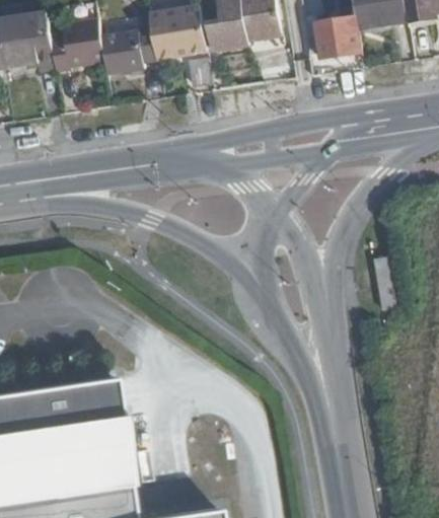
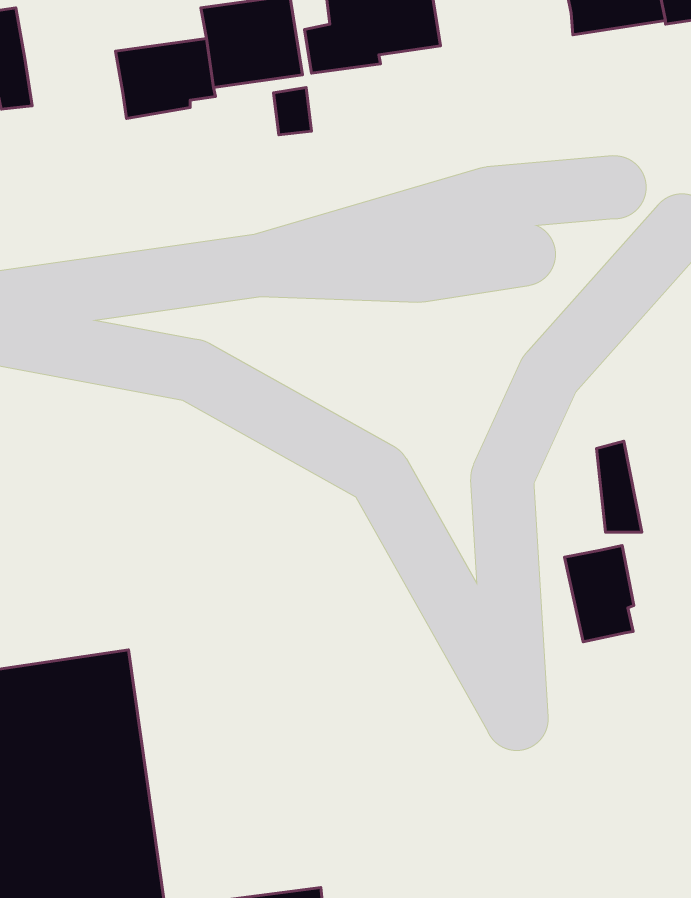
building: [315,17,361,60] -> none
building: [51,20,105,72] -> none
building: none -> [564,545,634,642]

